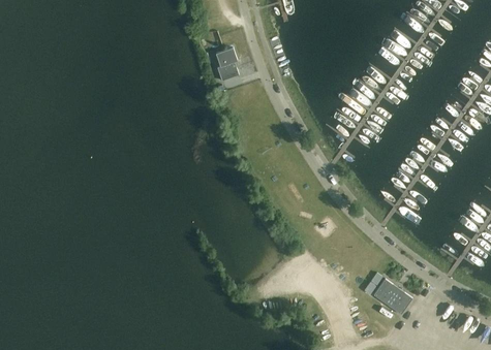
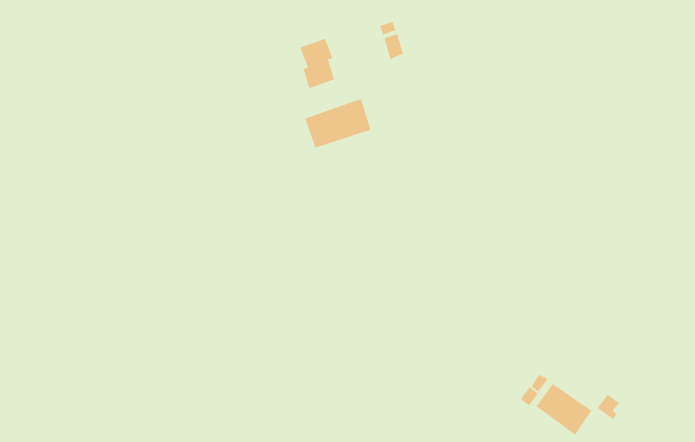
building: none -> [304,98,371,148]

